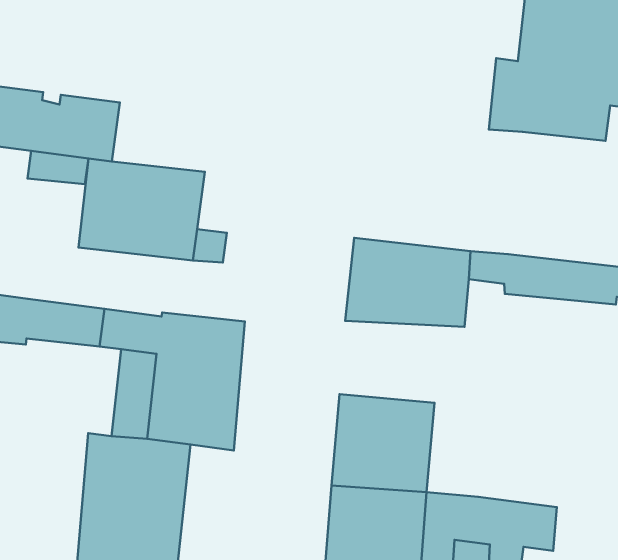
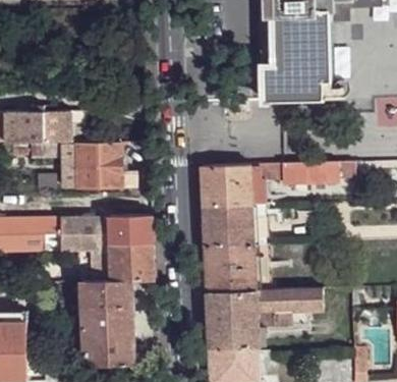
building: none -> [203,204,268,247]

